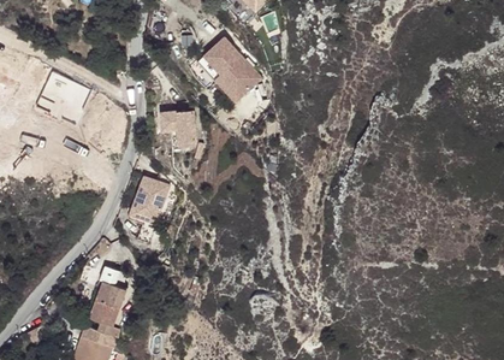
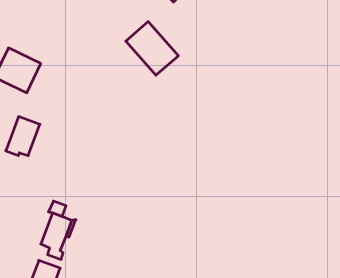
building: [161,107,196,143] -> none
building: [129,171,171,219] -> [6,117,40,156]

